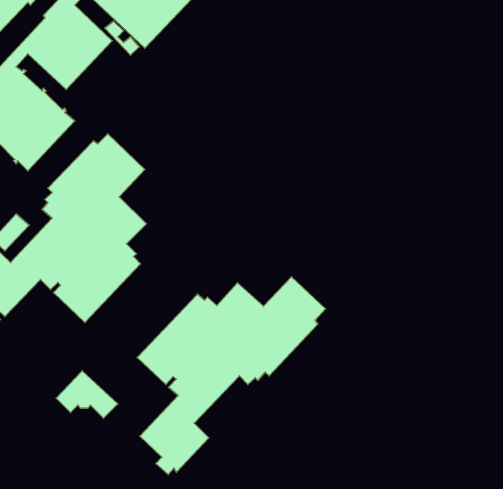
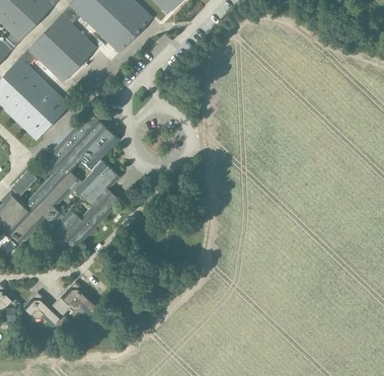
building: [137,277,326,475] -> none
building: none -> [23,291,67,325]

